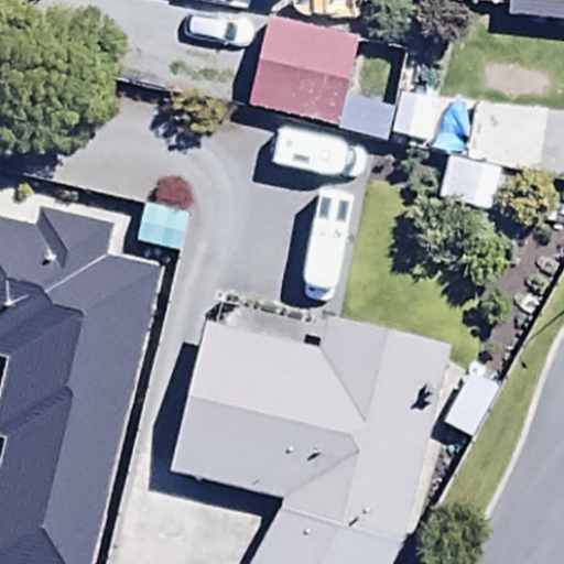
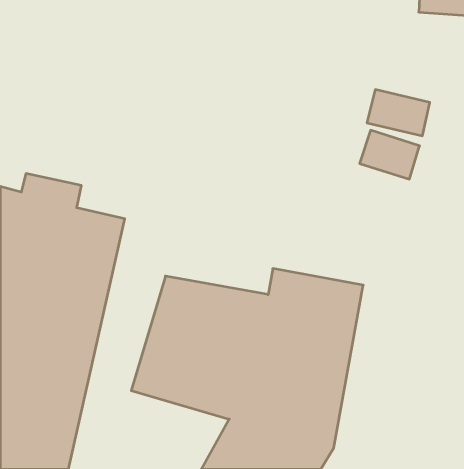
building: [257,18,362,126] -> none

